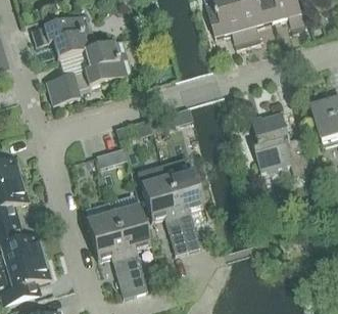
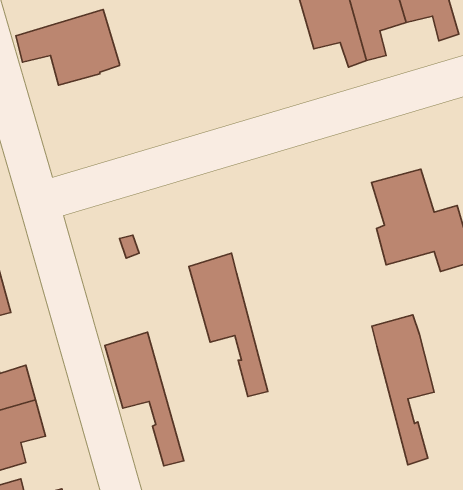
building: [46,39,130,103] -> none
building: [164,156,203,250] -> [372,315,434,465]
building: [112,207,148,293] -> none

